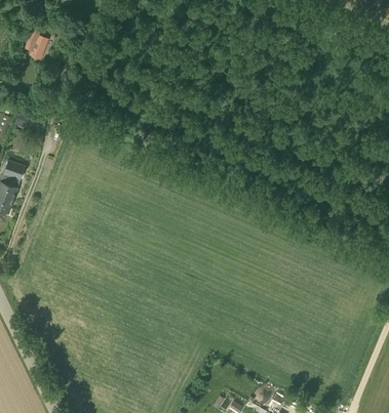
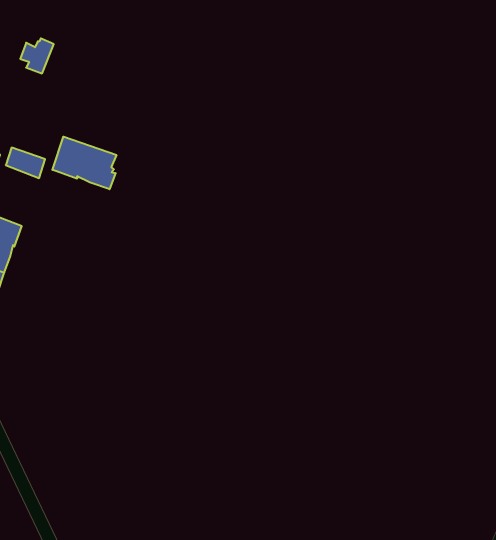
building: none -> [52,137,116,189]

